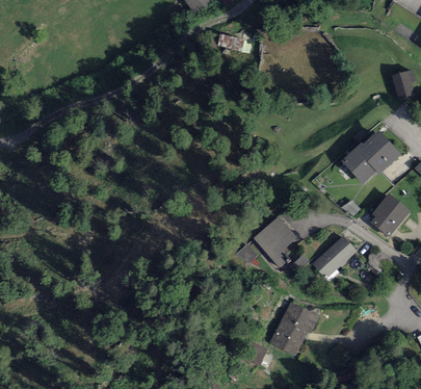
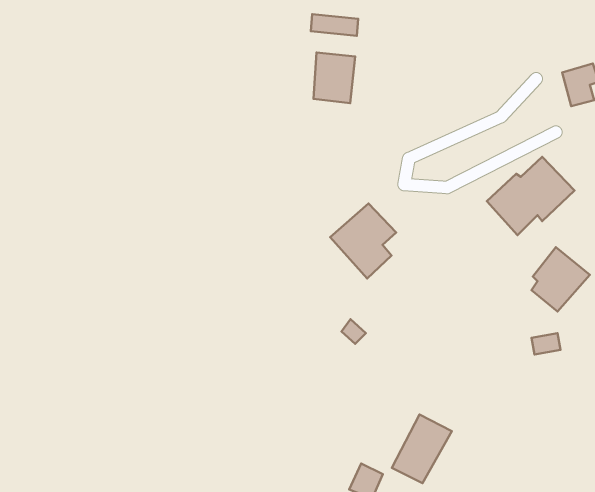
building: none -> [314,53,355,103]
building: [255,219,299,270] -> [330,203,396,279]
building: [317,239,357,277] -> none

